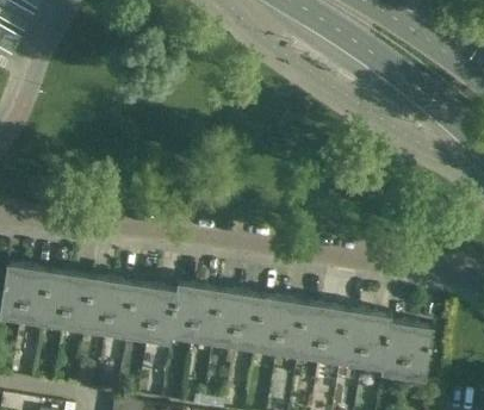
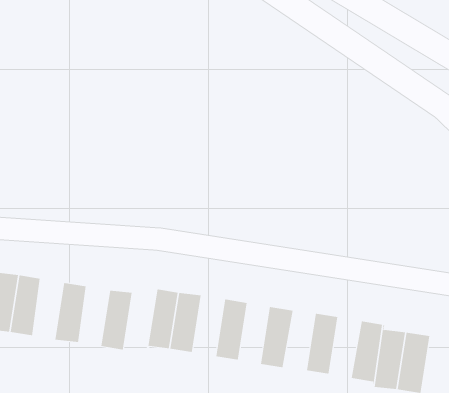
building: [63,274,92,331] -> none
building: [106,281,135,337] -> none
building: [148,284,179,343] -> none
building: [212,290,242,347] -> none
building: [255,297,284,354] -> none
building: [297,304,327,360] -> none
building: [340,310,370,367] -> none

